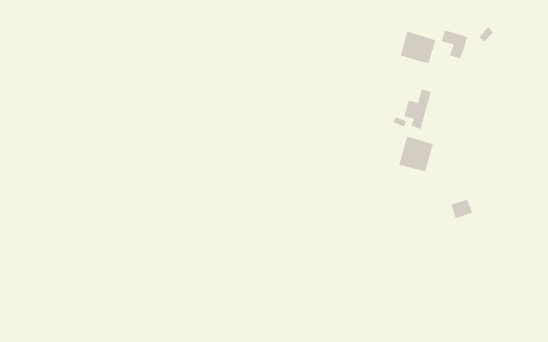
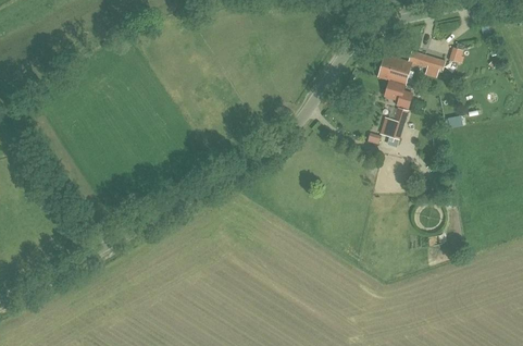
building: none -> [384,79,412,108]
building: [398,136,433,172] -> none

